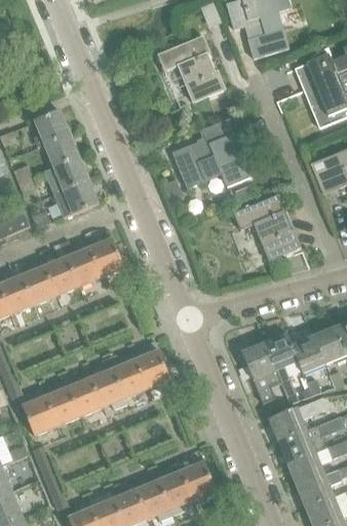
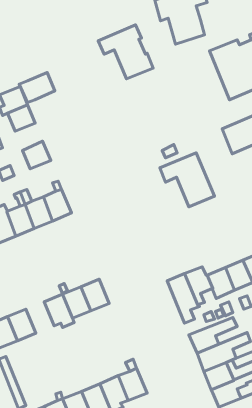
building: [172,118,248,188] -> none
building: [43,157,87,194] -> [19,73,55,102]
building: [67,378,102,417] -> none

